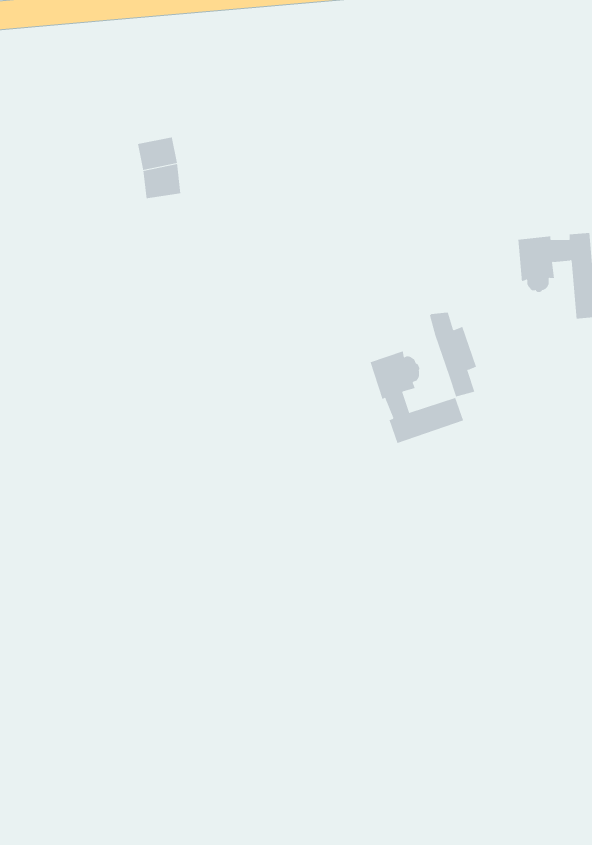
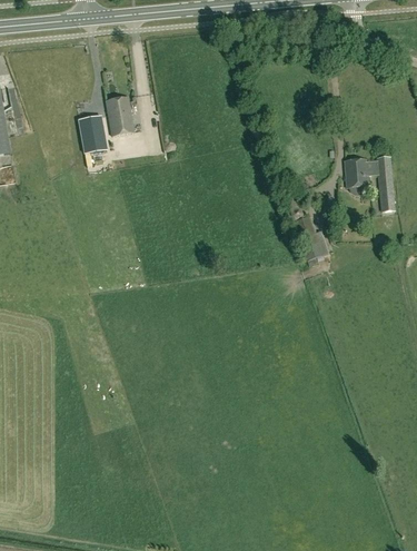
building: none -> [82,114,106,152]
building: [370,350,464,444] -> none

